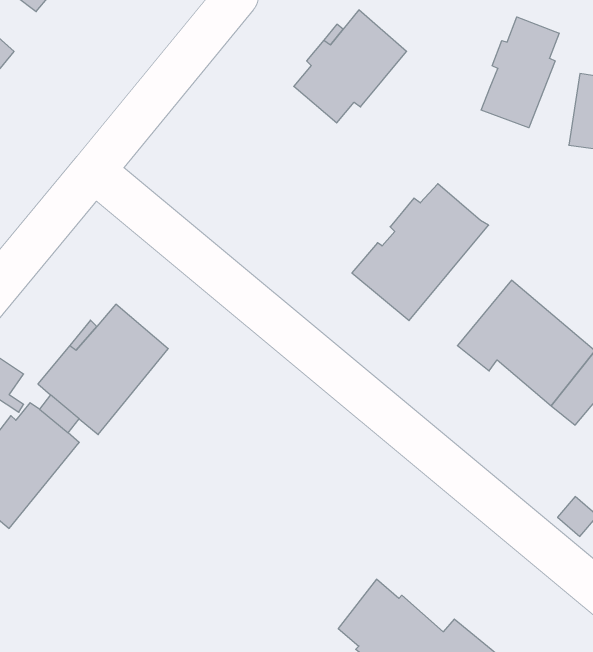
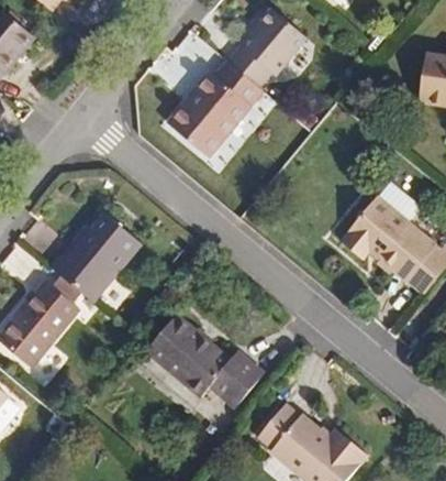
building: [481,17,559,128] -> none
building: [352,184,489,321] -> [168,62,263,156]
building: none -> [145,315,265,408]

